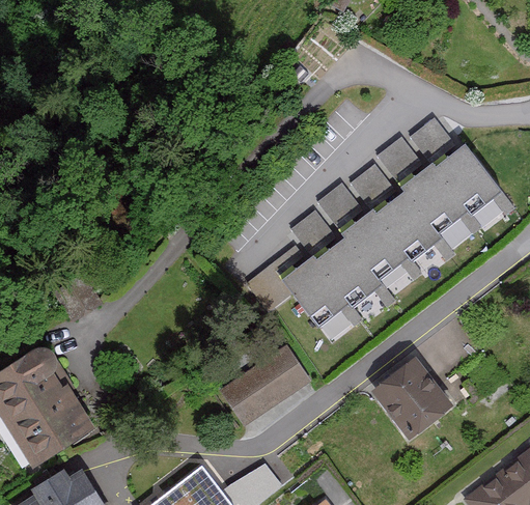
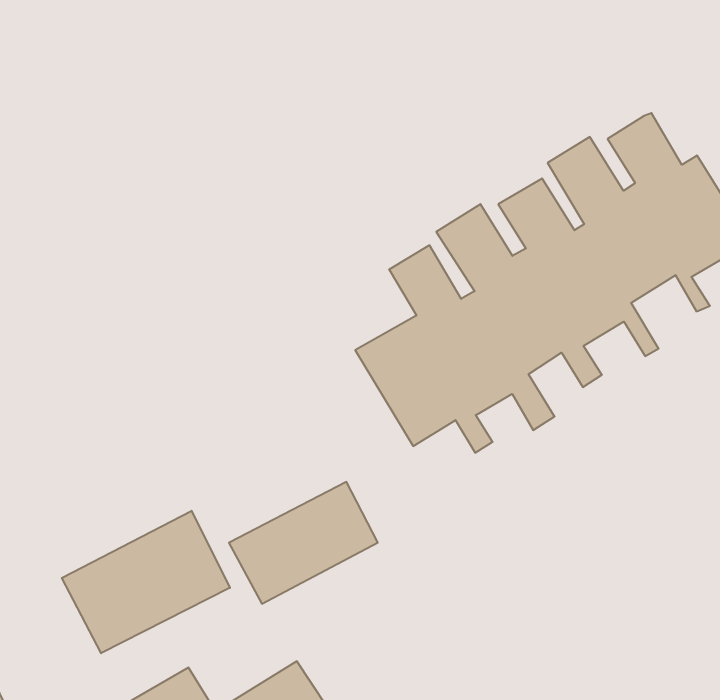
building: [370,364,447,442] -> none
building: none -> [62,511,230,653]

